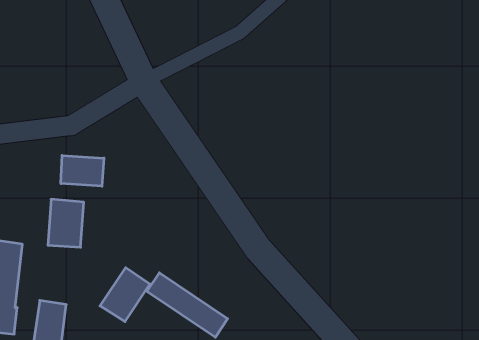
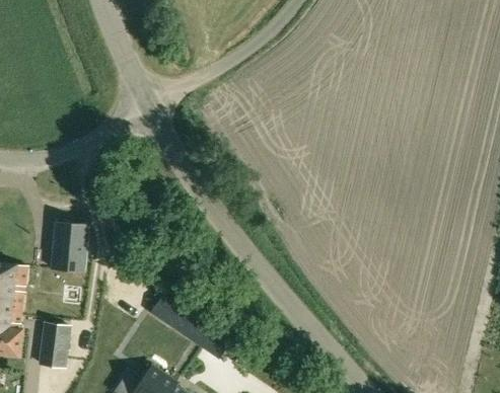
building: [61,155,104,186] -> none
building: [100,268,150,322] -> none

